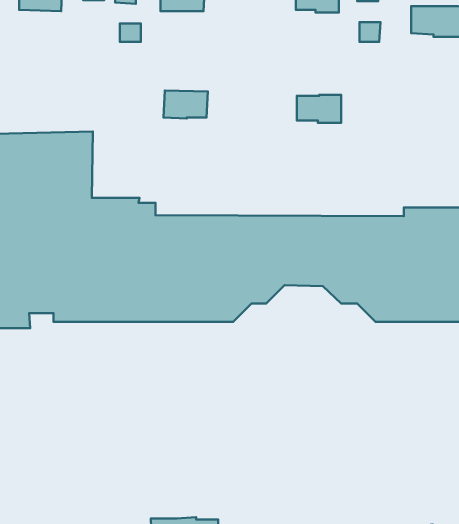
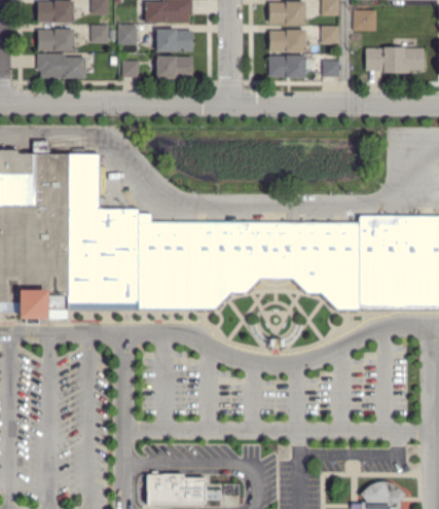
building: none -> [37,52,85,78]
building: [164,90,208,119] -> [156,54,193,78]
building: [297,95,341,123] -> [268,54,305,78]

